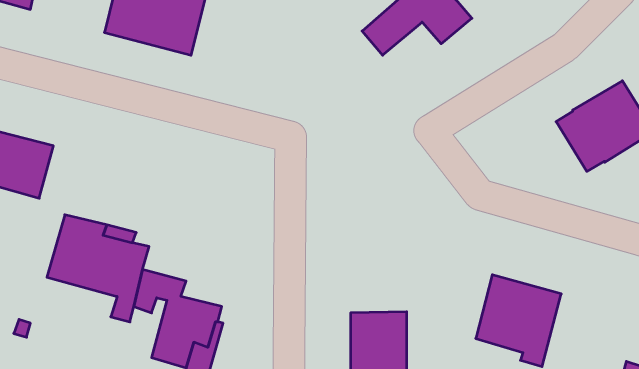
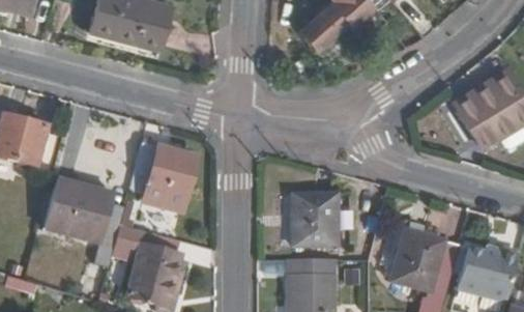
building: none -> [129,140,199,214]
building: none -> [292,193,338,247]
building: none -> [461,243,518,300]

